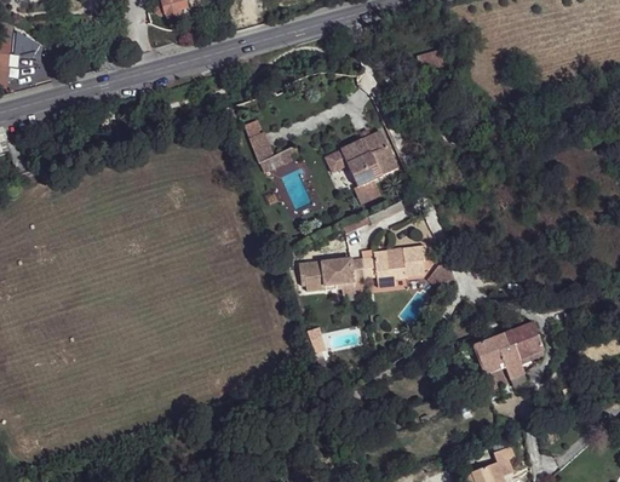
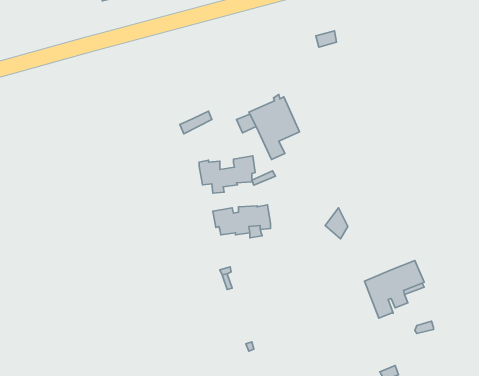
building: [245,121,274,161] -> none
building: [361,243,426,287] -> [199,156,255,193]

